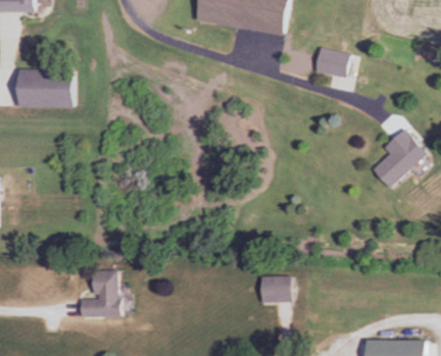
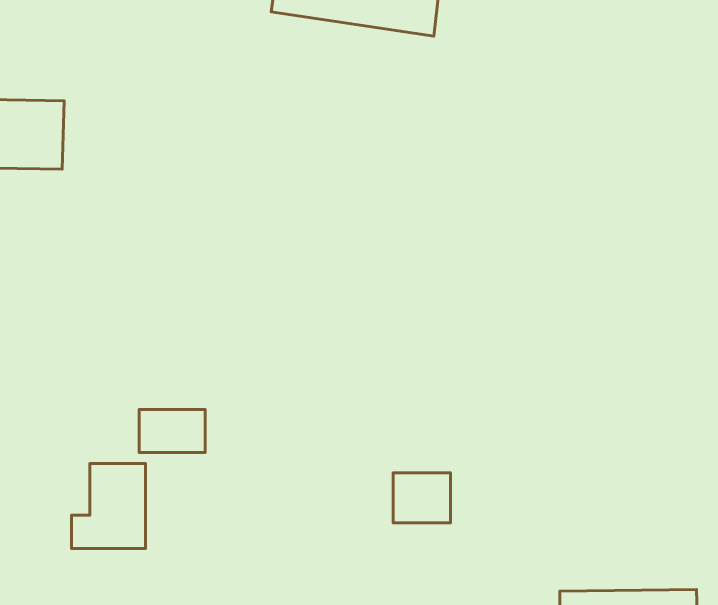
building: [313,48,350,78] -> none
building: [371,129,426,187] -> none
building: none -> [139,410,205,452]

